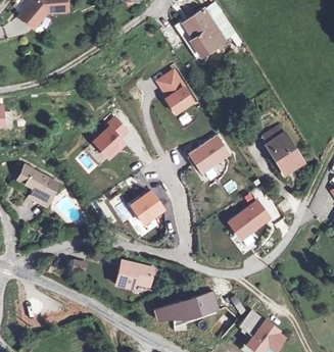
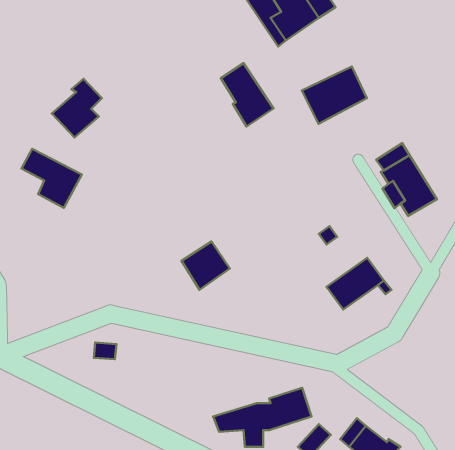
building: [94,117,128,157] -> [52,79,102,138]
building: [188,135,232,173] -> [302,66,367,124]
building: [17,165,58,205] -> [22,149,82,208]
building: [114,261,154,290] -> none

